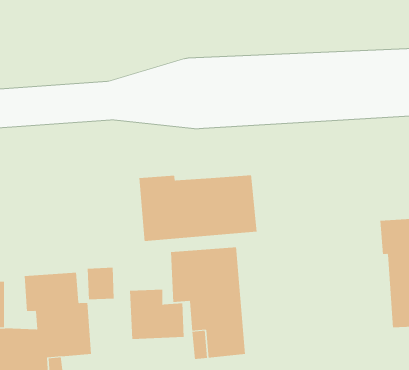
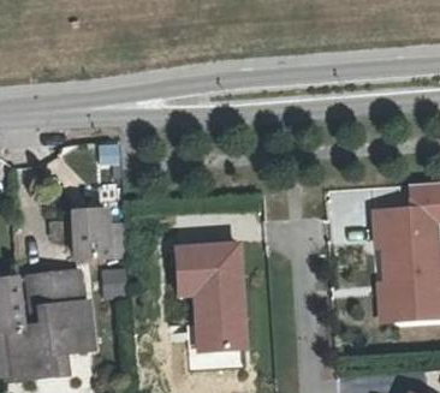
building: [139,174,257,242] -> none
building: [129,289,185,340] -> [69,209,121,257]

